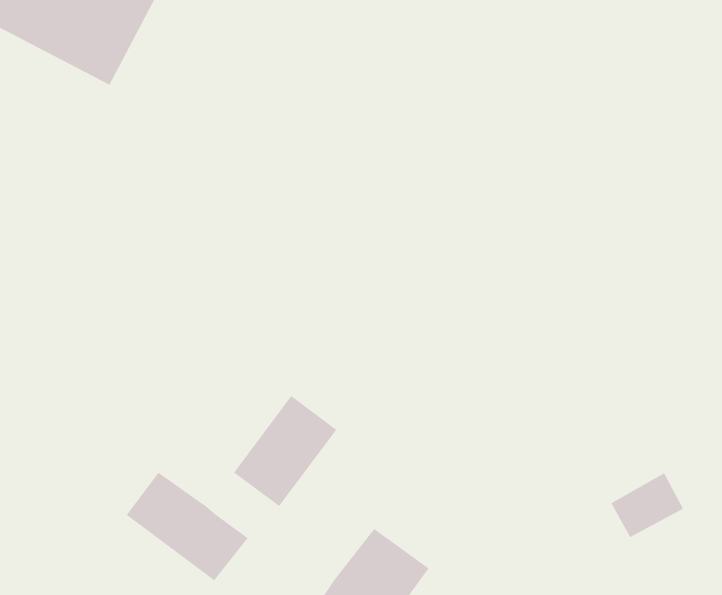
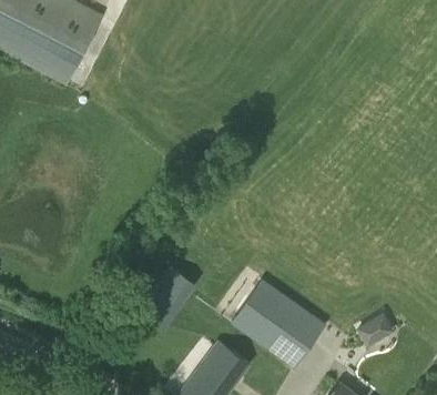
building: none -> [228,276,326,367]
building: [126,472,248,581] -> none

